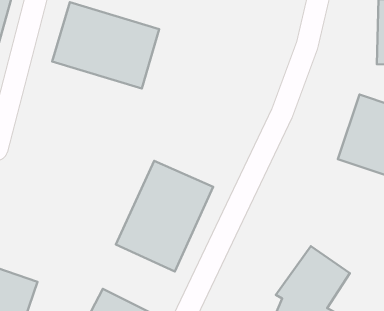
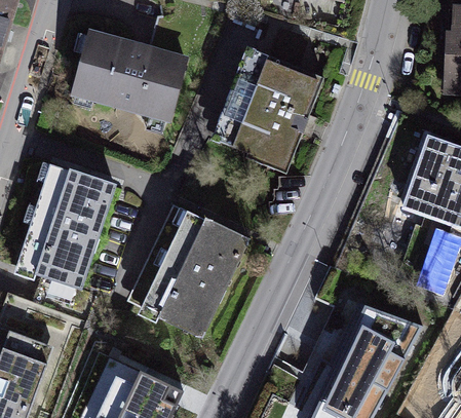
building: none -> [214,55,317,164]
building: none -> [12,160,122,296]

